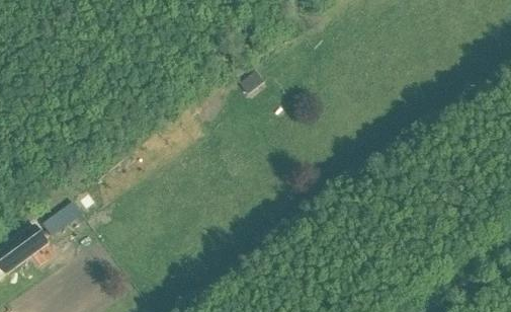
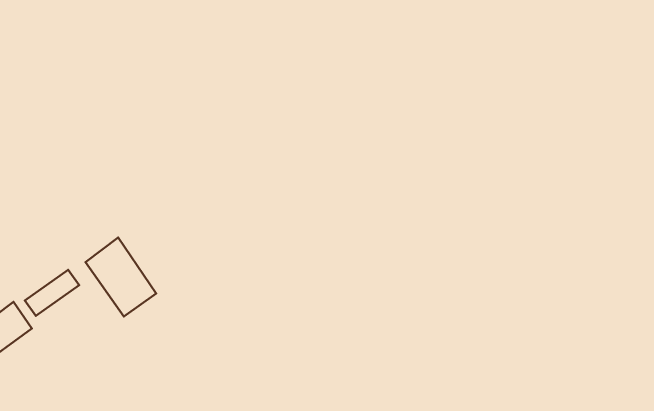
building: none -> [85,238,156,316]

